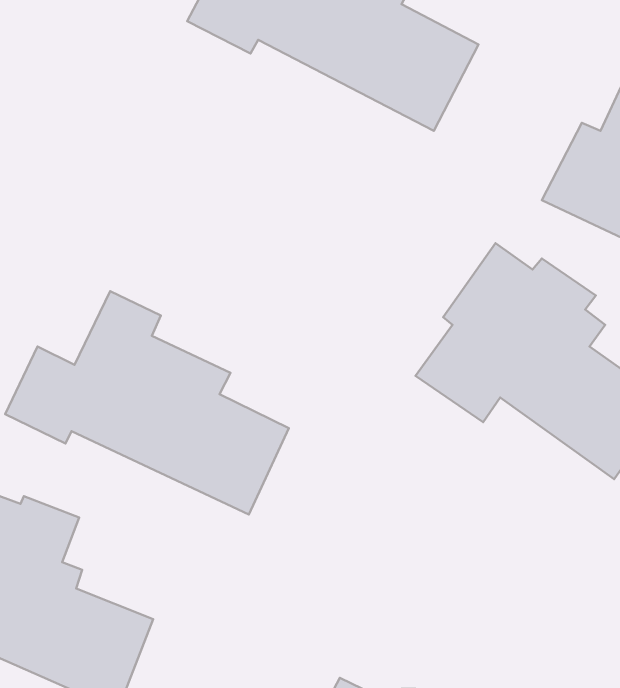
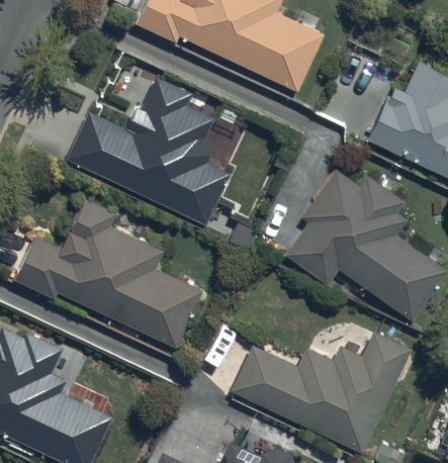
building: none -> [67,77,231,226]
building: none -> [232,333,410,453]

